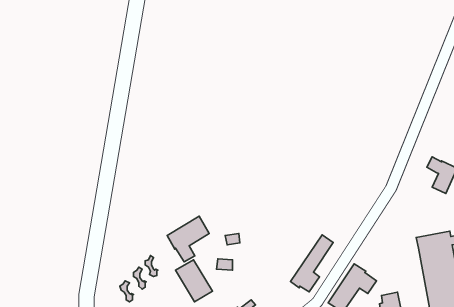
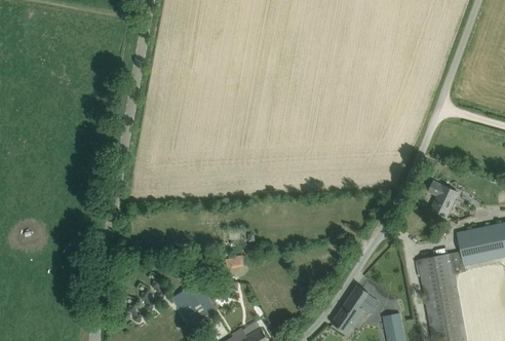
building: [167,216,209,262] -> none
building: [291,235,333,292] -> none

